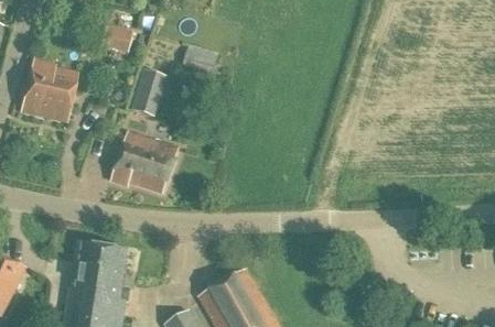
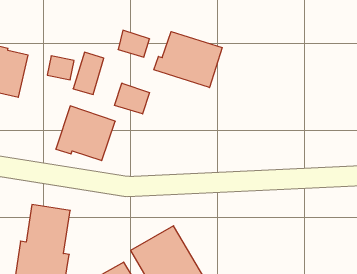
building: [100,23,131,51] -> [47,56,74,80]
building: none -> [154,32,222,88]
building: none -> [114,83,150,114]

